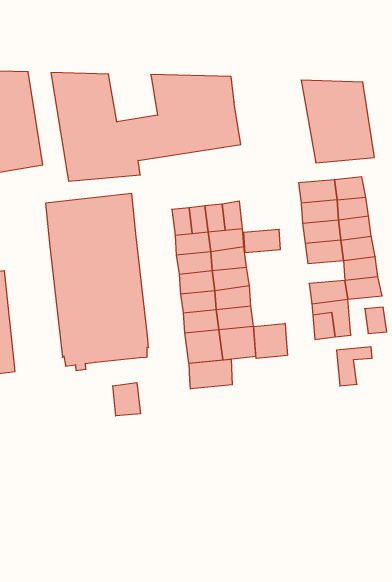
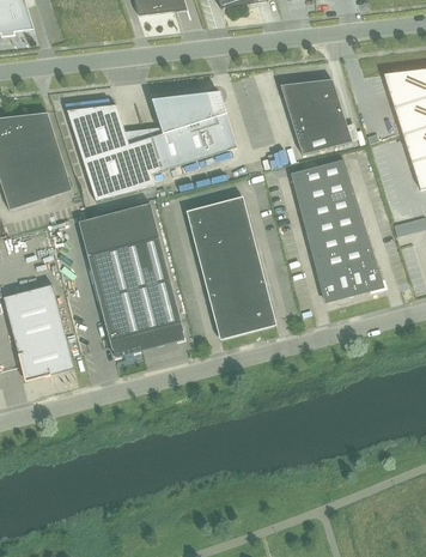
building: [243,229,280,253] -> [308,231,341,255]
building: [254,323,287,358] -> none
building: [337,347,372,386] -> [346,256,377,293]
building: [189,359,232,389] -> none
building: [113,383,140,416] -> none

